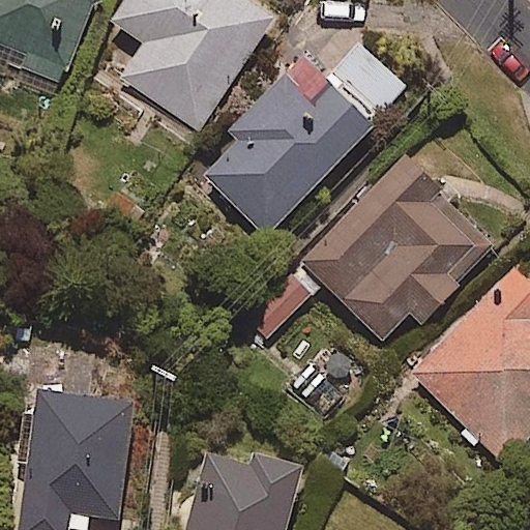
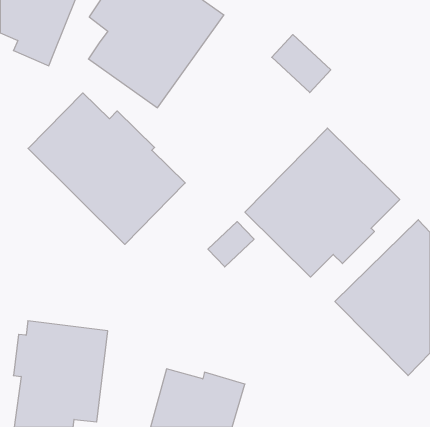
building: [202,57,374,236] -> none
building: none -> [28,93,185,244]

